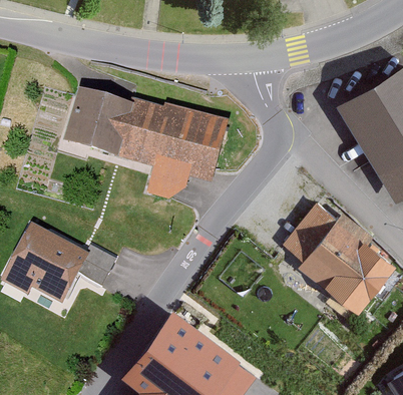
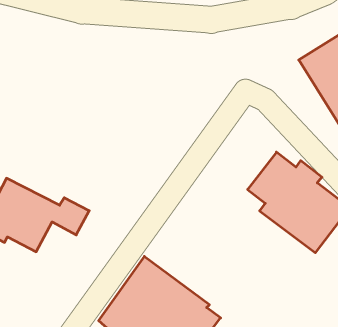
building: [56,95,224,206] -> none

